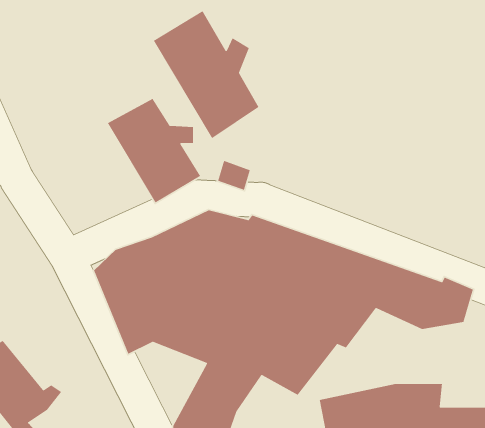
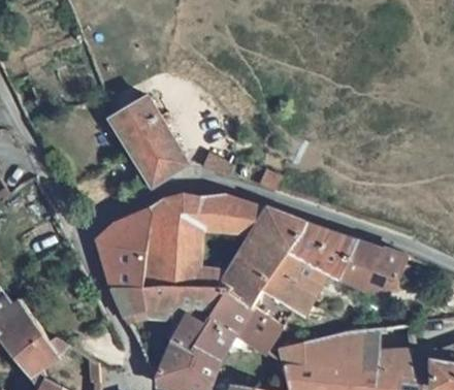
building: [153,10,259,139] -> none

